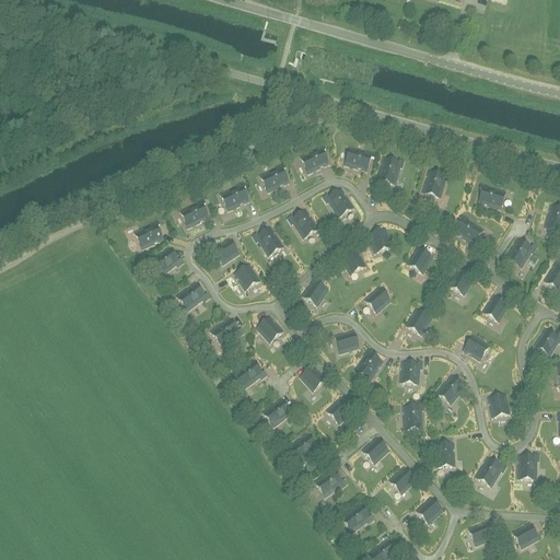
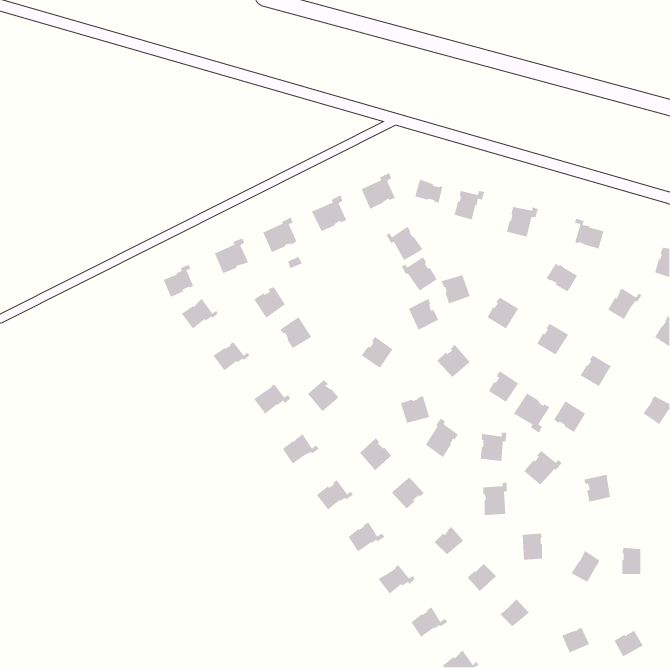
building: [287,209,317,238] -> [401,256,438,291]
building: [252,226,283,257] -> none
building: none -> [513,393,550,434]

